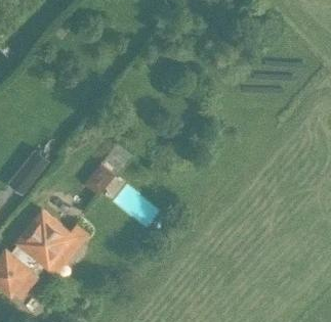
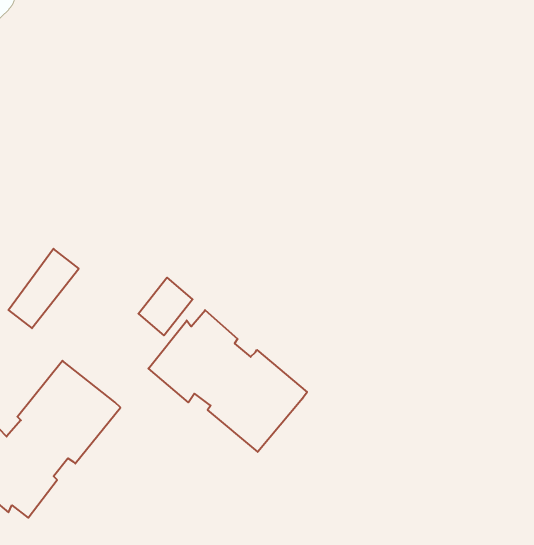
building: none -> [148,310,307,452]

